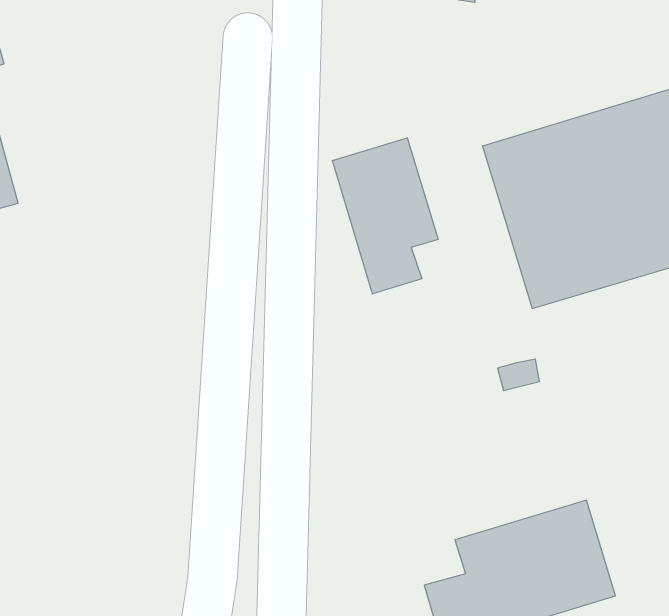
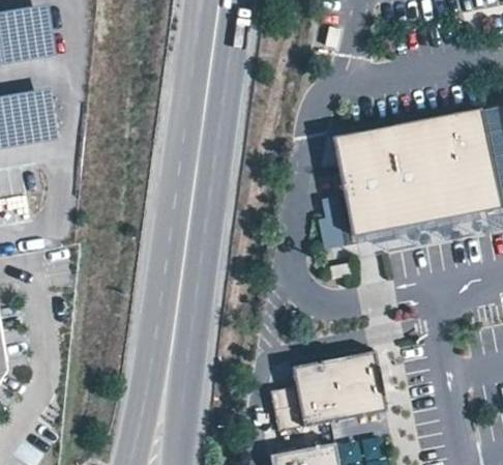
building: [332,138,438,294] -> none

